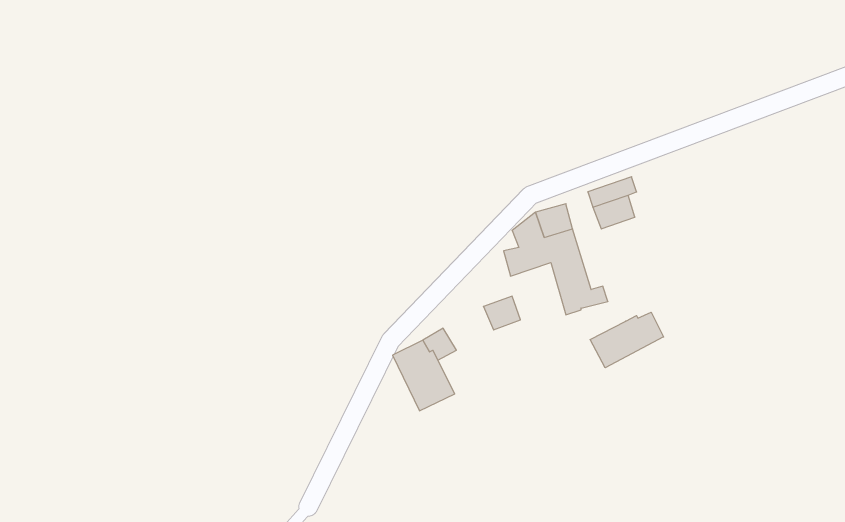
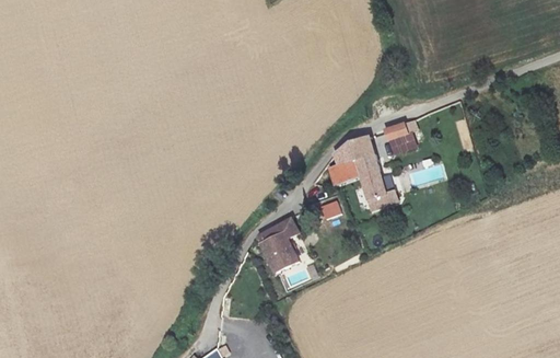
building: [590,312,664,368] -> none

